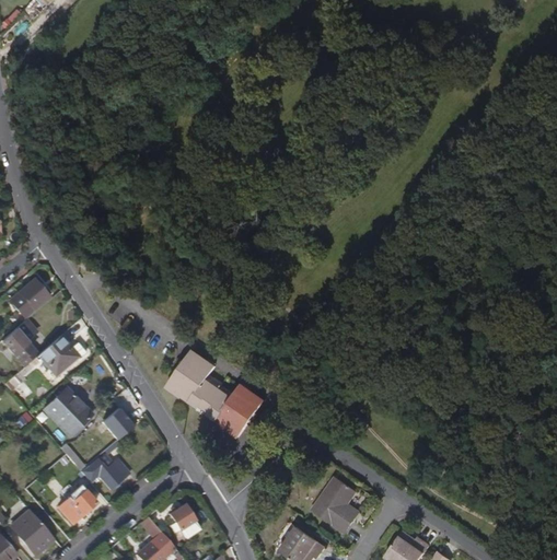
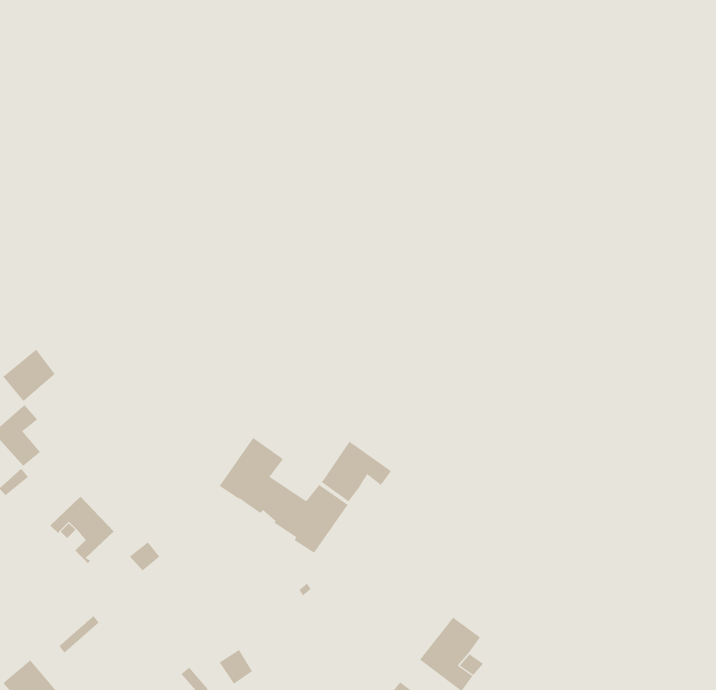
building: [37,336,77,375] -> none
building: none -> [321,441,392,502]
building: [80,459,129,490] -> none
building: [57,485,96,524] -> none

